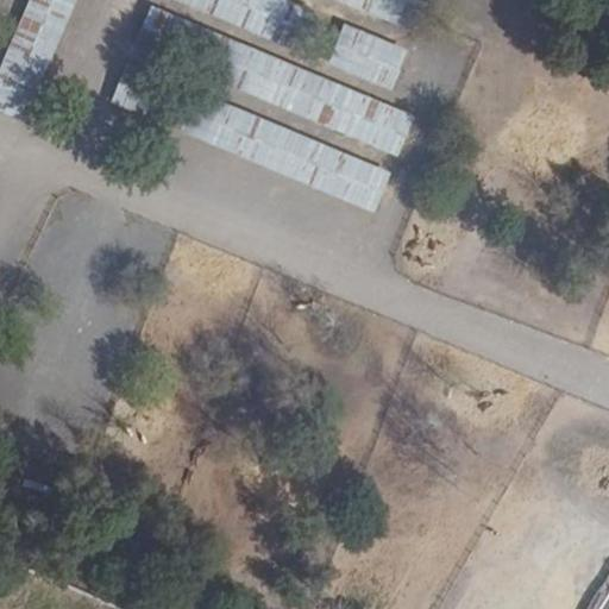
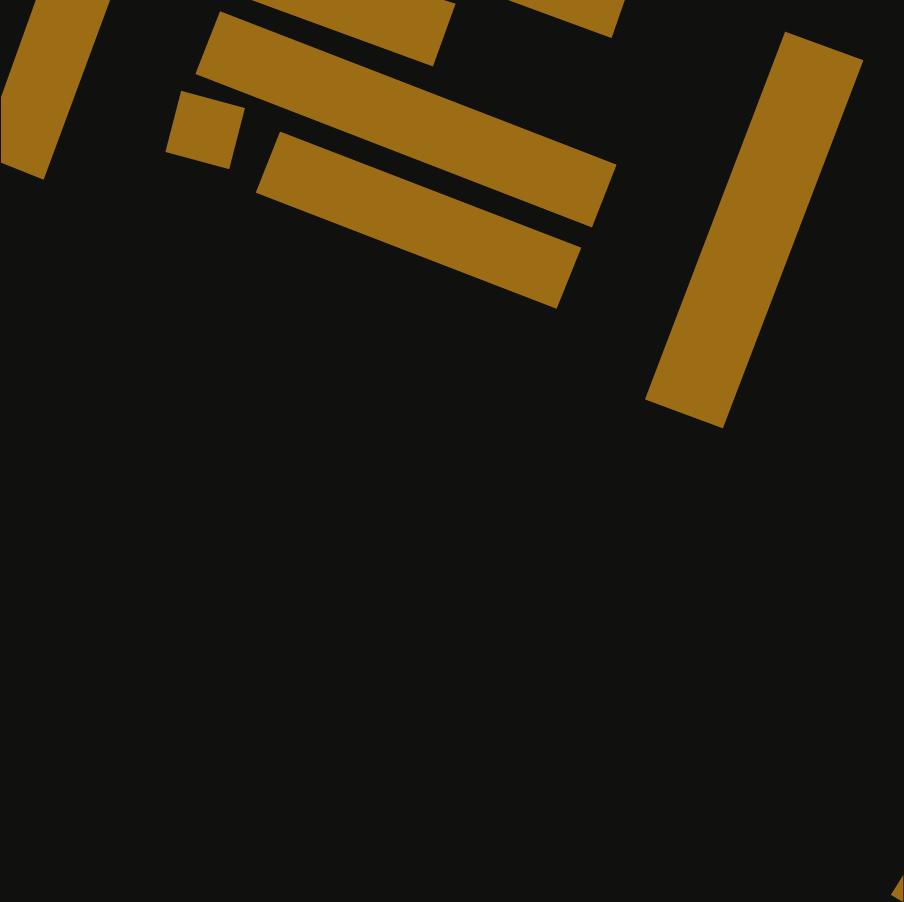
building: none -> [644,31,864,429]
building: [325,21,407,89] -> none

